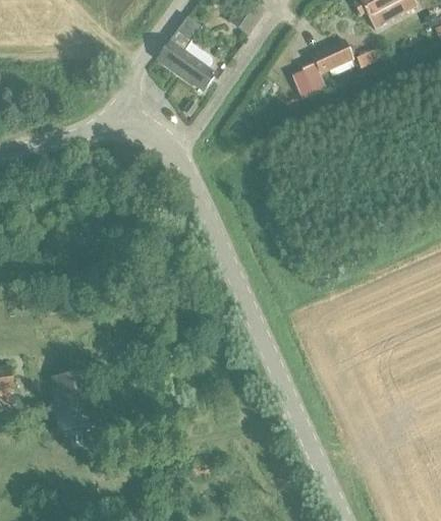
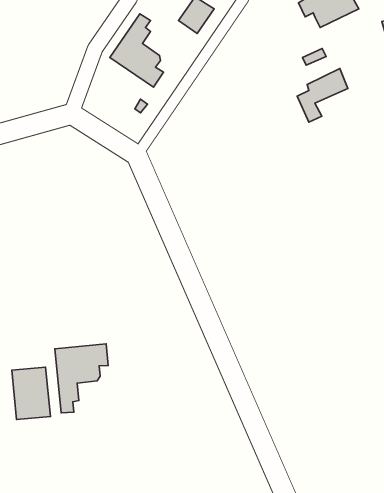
building: [299,41,351,96] -> [297,69,348,122]
building: none -> [55,344,108,413]

